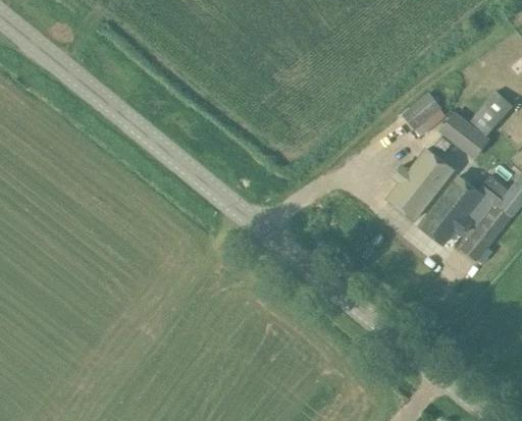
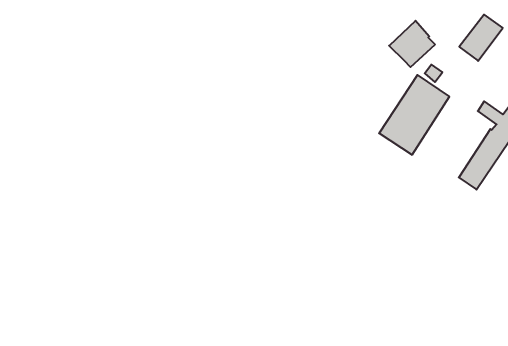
building: [438,111,489,158] -> none
building: [422,174,486,246] -> none

